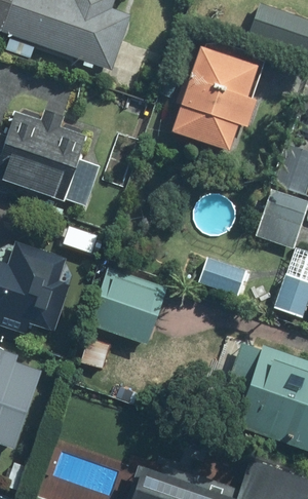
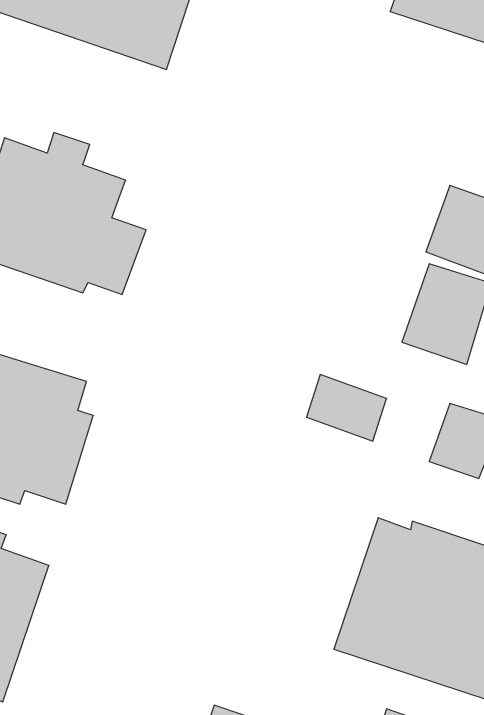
building: [171,48,258,153] -> none
building: [85,265,166,344] -> none

